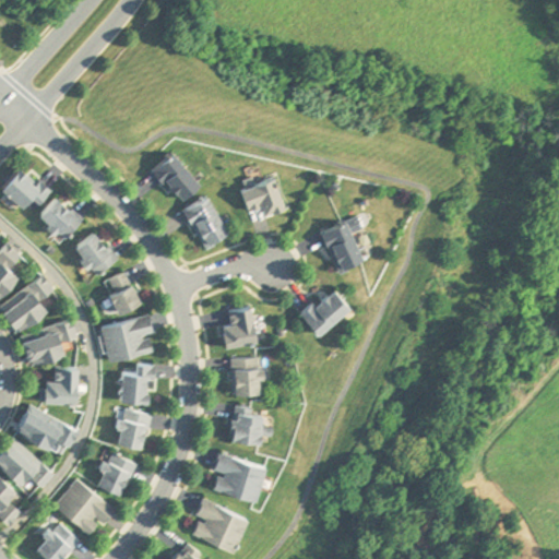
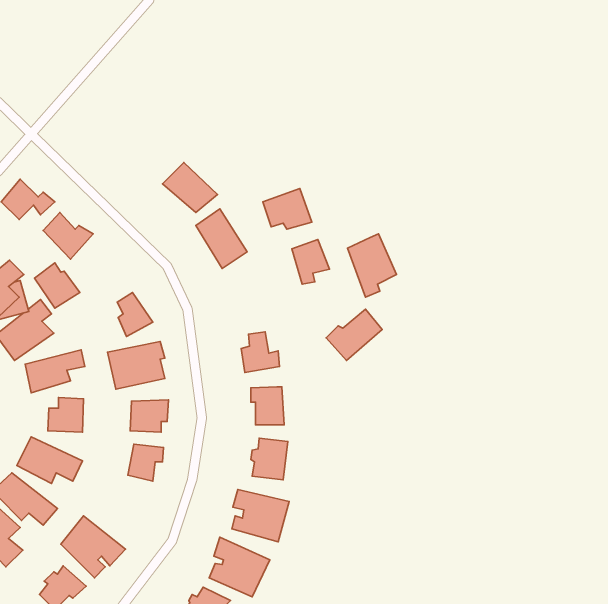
building: none -> [292,240,329,284]
building: [75,235,117,276] -> [34,263,80,308]
building: [96,457,138,495] -> none

